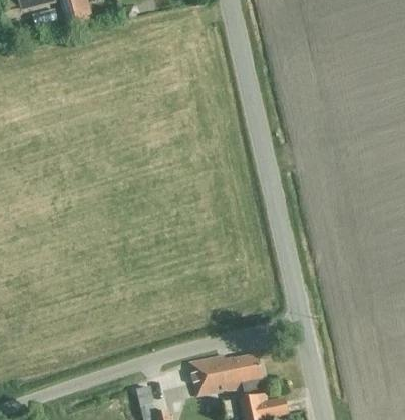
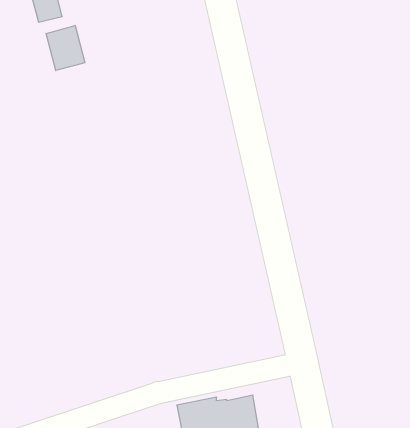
building: none -> [46,25,85,71]

